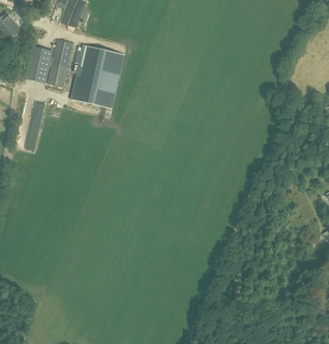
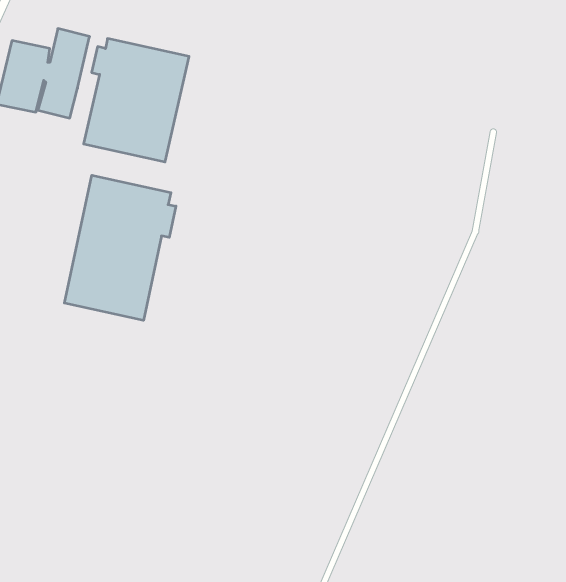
building: none -> [64,175,176,320]

